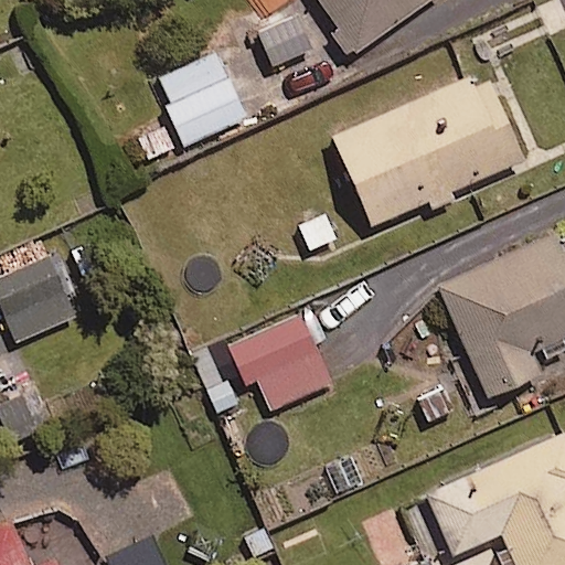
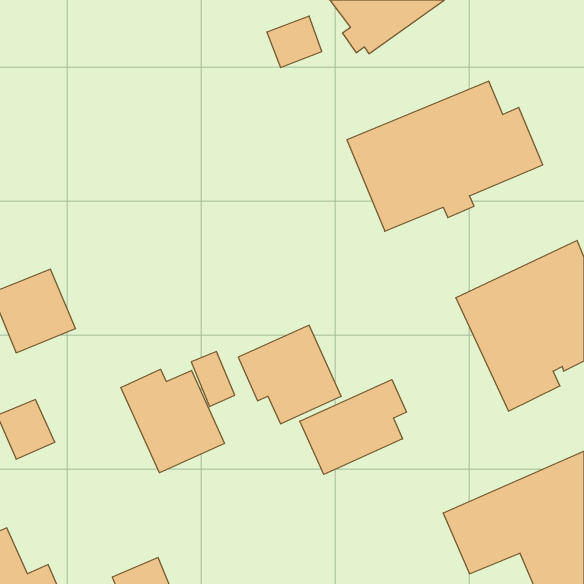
building: [160,53,244,145] -> none
building: none -> [121,369,224,473]
building: none -> [300,380,407,474]

